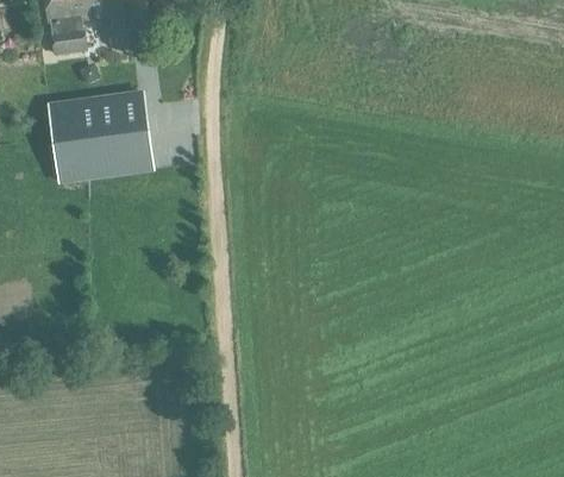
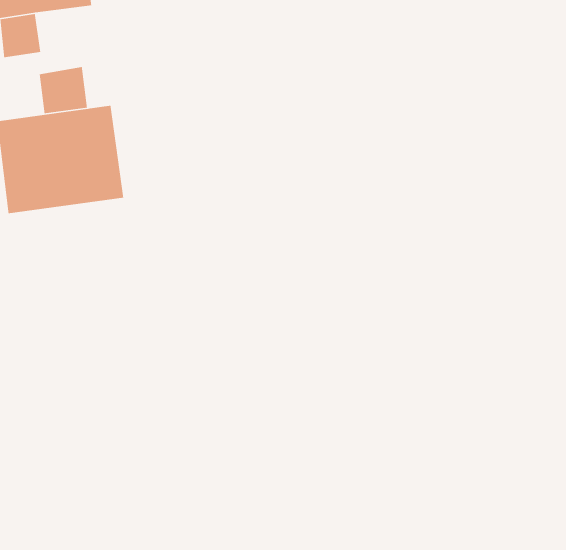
building: none -> [39,66,88,114]

